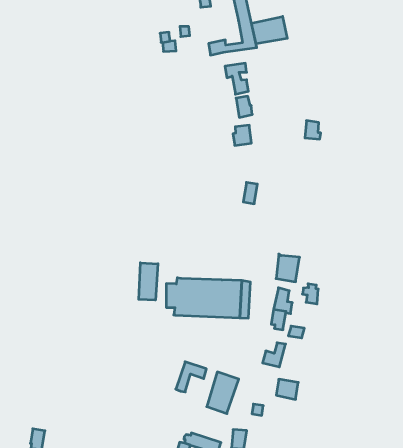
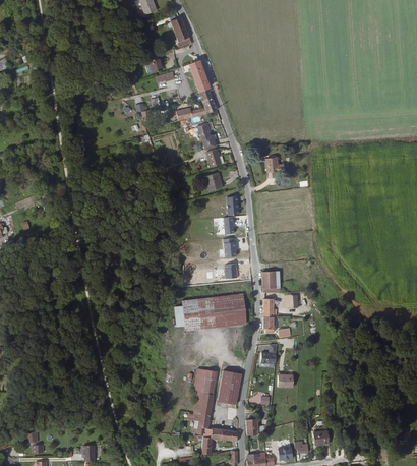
building: [251,16,287,44] -> none
building: [139,263,158,300] -> none
building: none -> [194,380,216,433]

